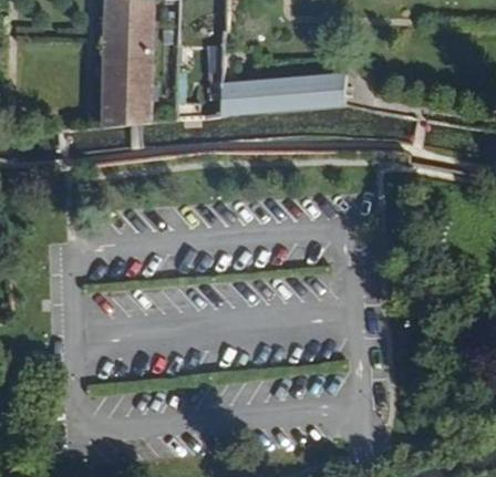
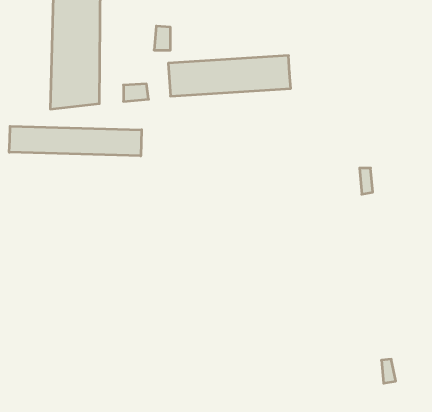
building: none -> [9,126,142,156]

